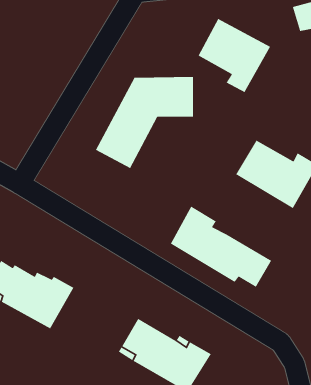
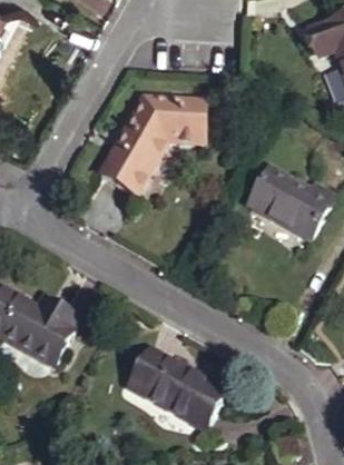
building: [198,18,271,93] -> none
building: [170,205,272,288] -> none

